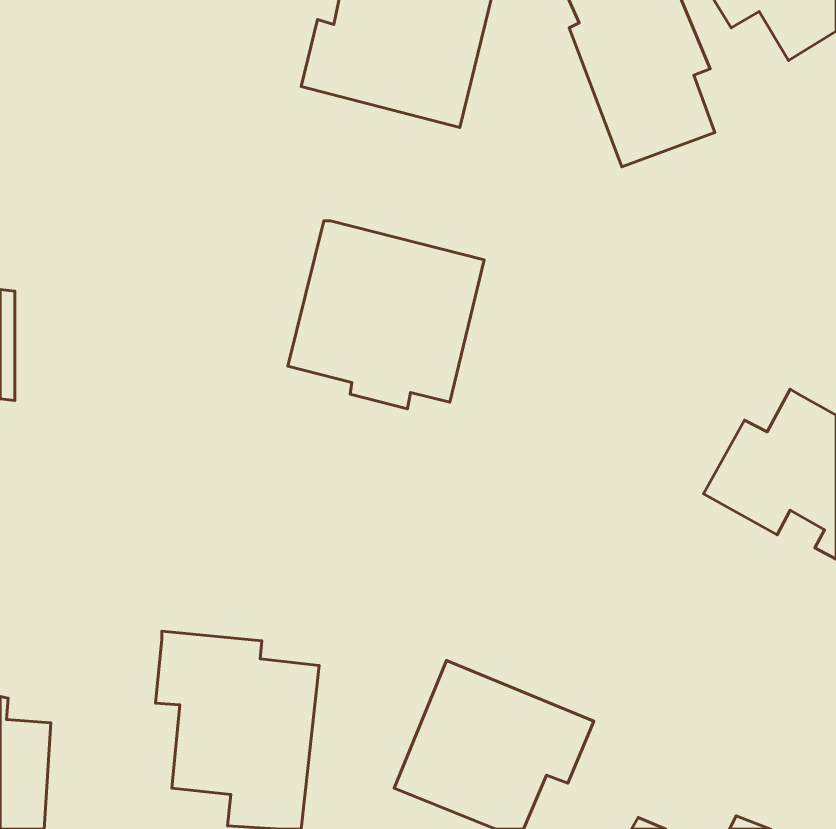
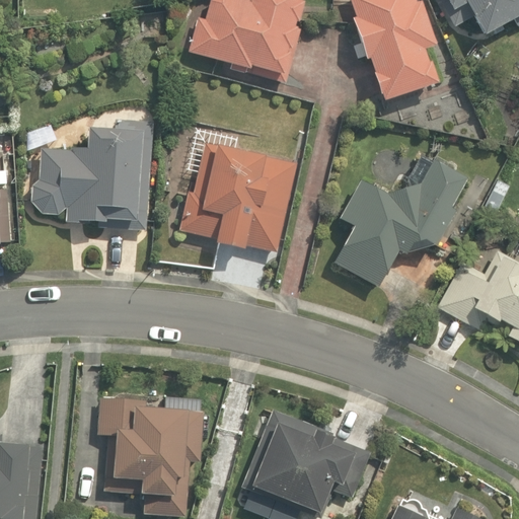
building: none -> [31,119,153,227]
building: none -> [337,158,465,292]

